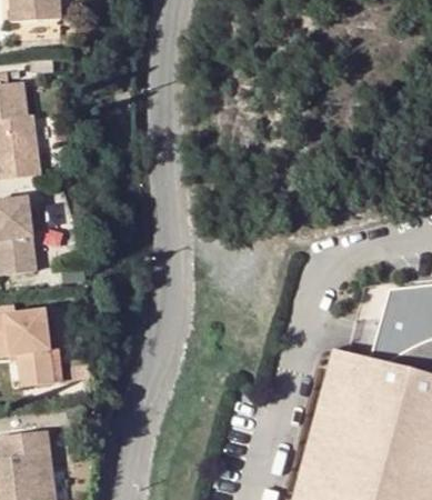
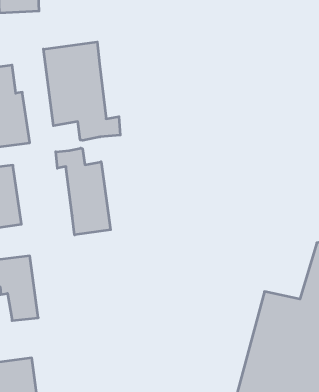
building: none -> [43,42,120,140]
building: none -> [56,148,111,235]

